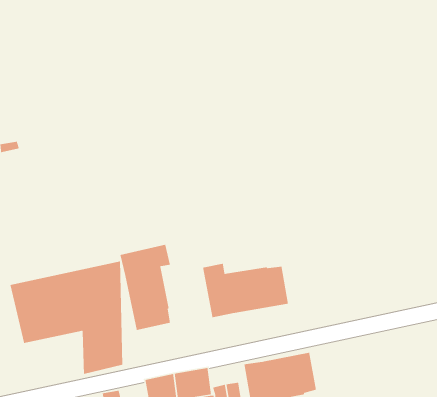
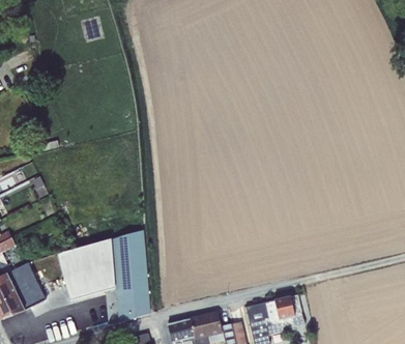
building: [120,244,171,331] -> none
building: [202,263,289,318] -> none

